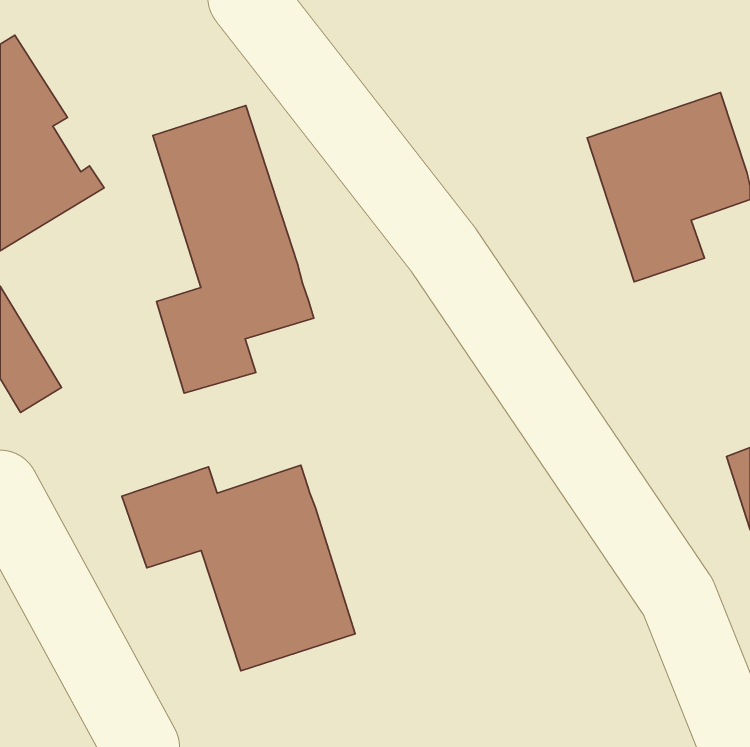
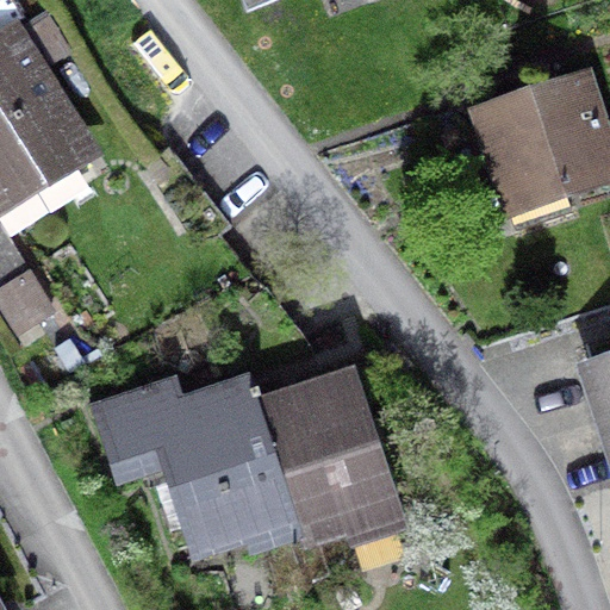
building: [153,106,314,393] -> none
building: none -> [244,371,388,535]

